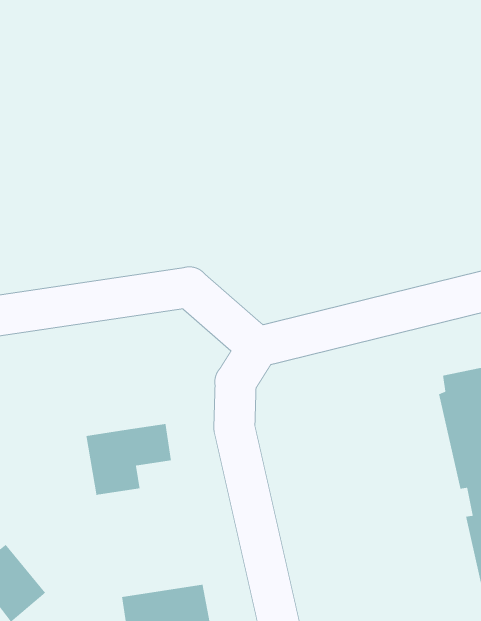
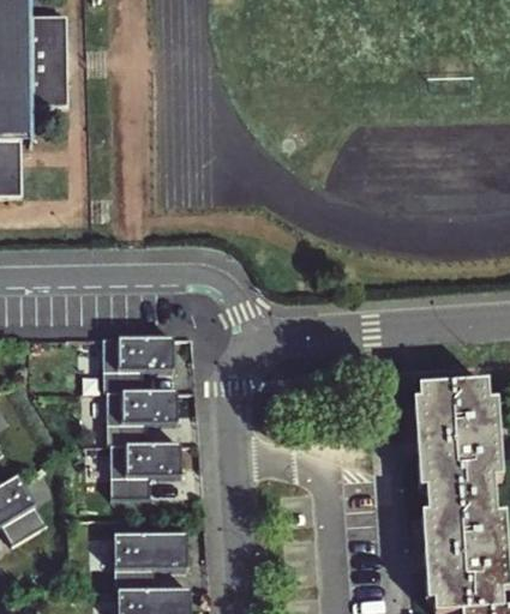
building: none -> [96,336,168,391]
building: none -> [104,444,176,499]

